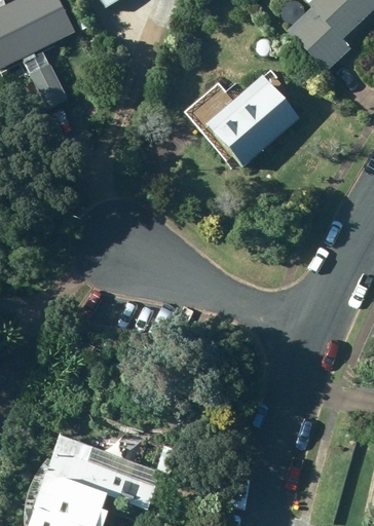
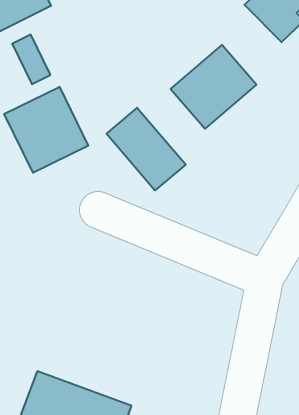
building: none -> [4,87,88,173]
building: none -> [107,108,186,190]

